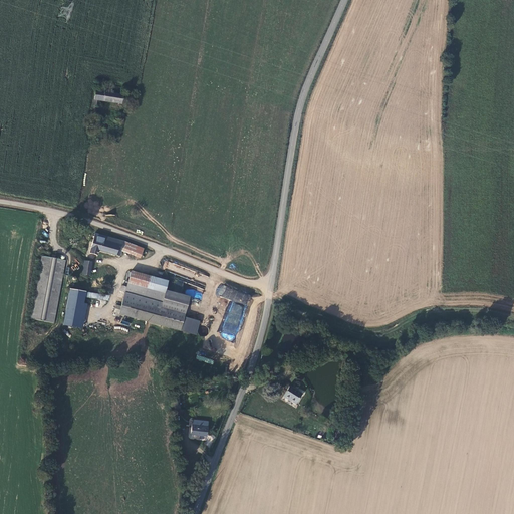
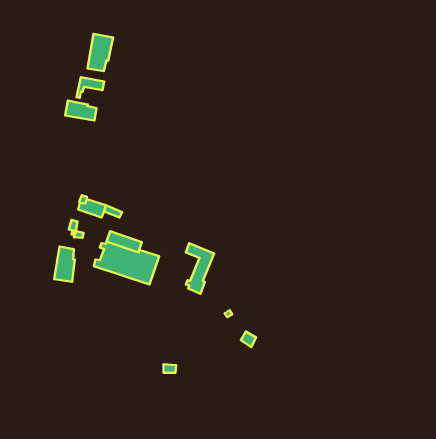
building: none -> [88,34,113,71]
building: none -> [65,100,96,120]
building: [28,253,63,320] -> none

